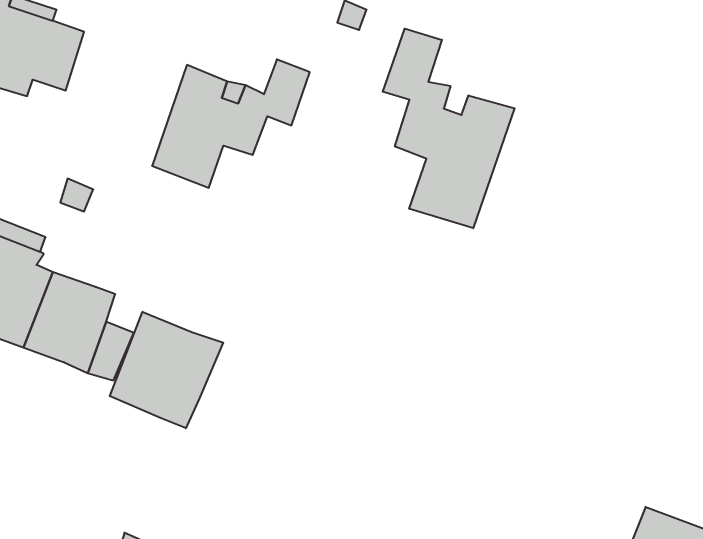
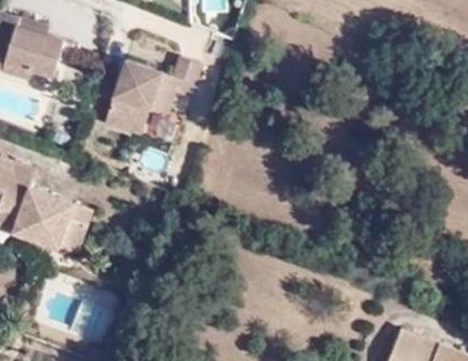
building: [383,29,515,228] -> none
building: [110,312,223,428] -> none

